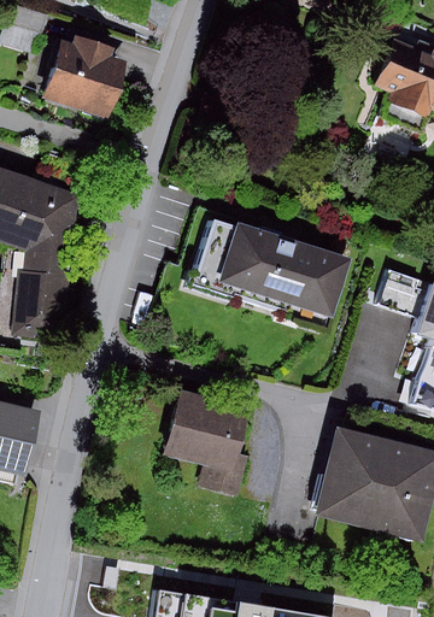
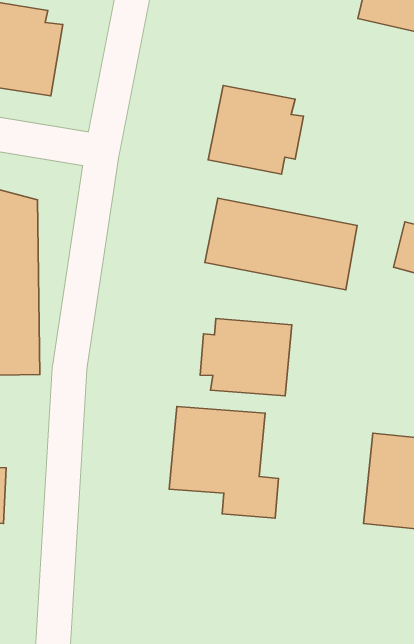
building: none -> [208,86,304,174]
building: none -> [200,318,292,396]

